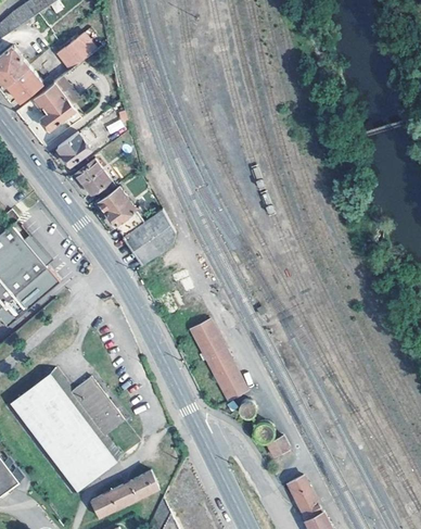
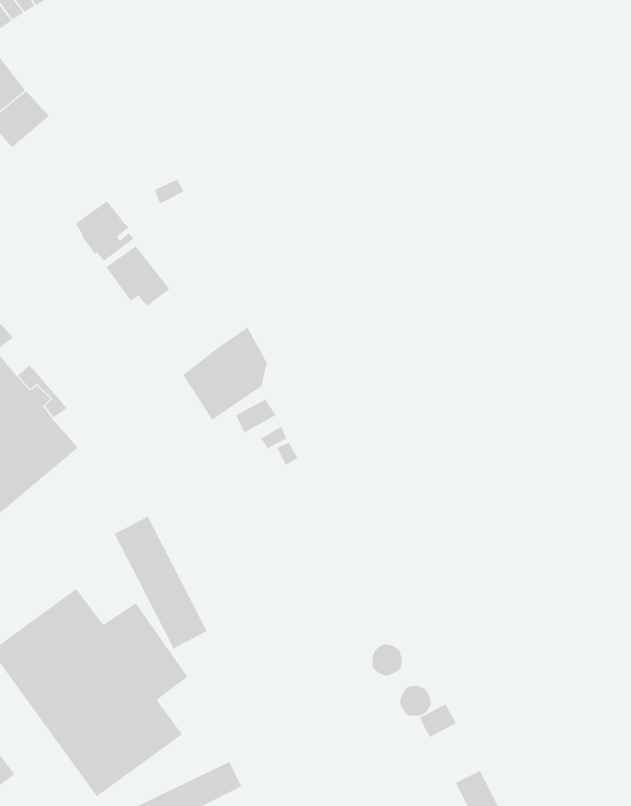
building: [58,34,97,71] -> none
building: [34,83,75,130] -> none
building: [99,188,144,238] -> none
building: [189,320,245,401] -> [114,516,207,649]

